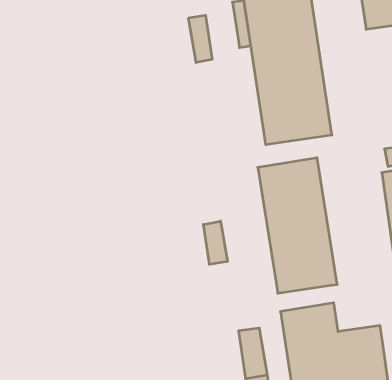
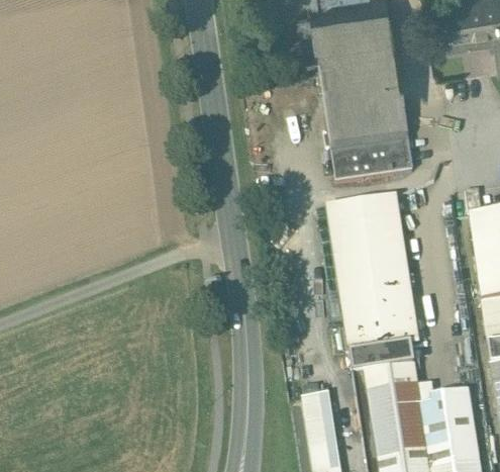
building: [189,15,212,63] -> none
building: [203,221,227,264] -> none
building: none -> [349,342,414,372]

